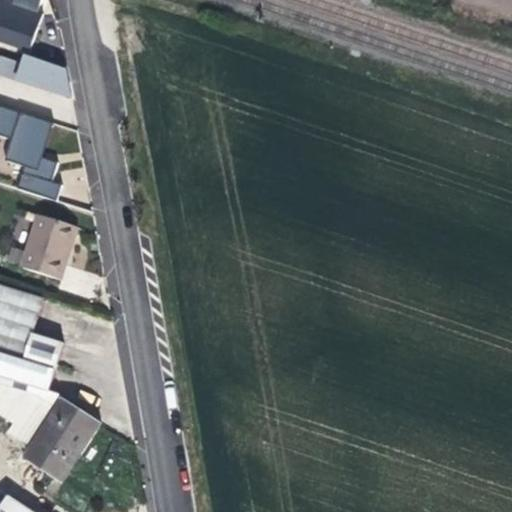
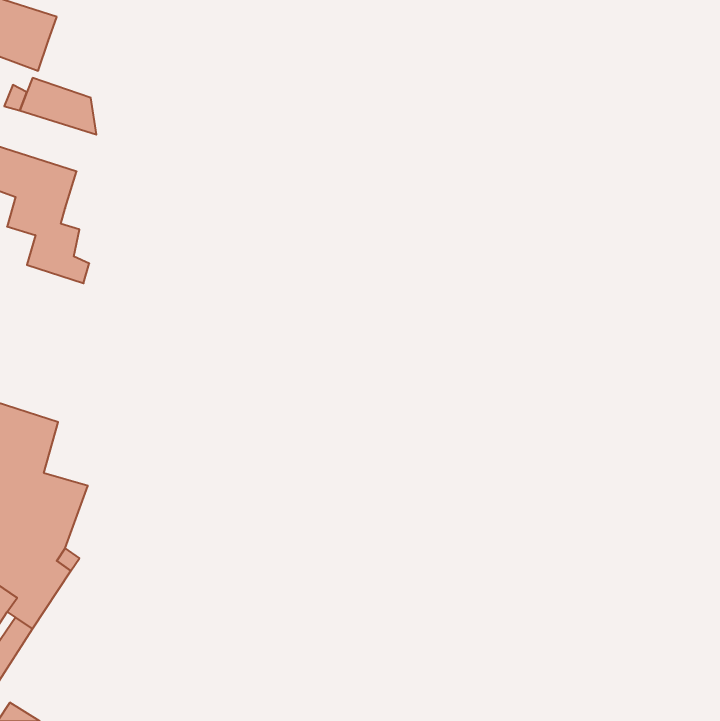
building: [20,215,75,279] -> none
building: [24,397,98,476] -> none

